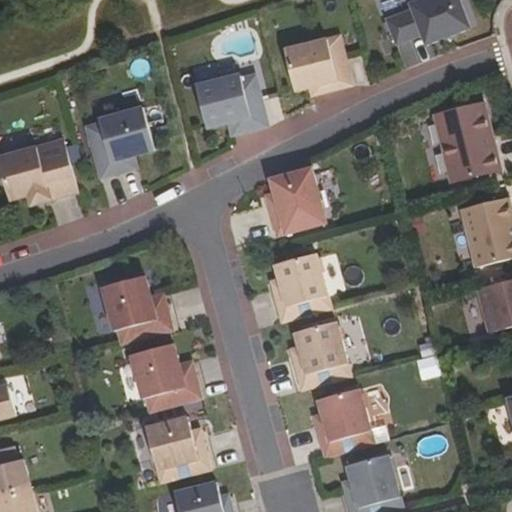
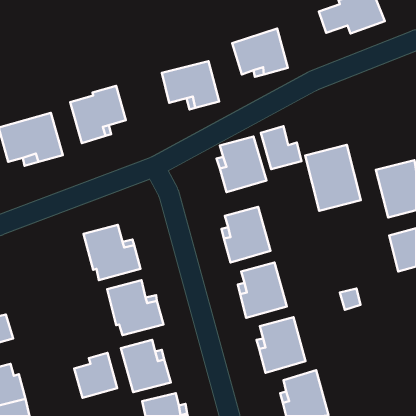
building: [432,101,500,182] -> [305,145,361,211]
building: none -> [261,126,302,169]
building: none -> [74,353,117,398]

